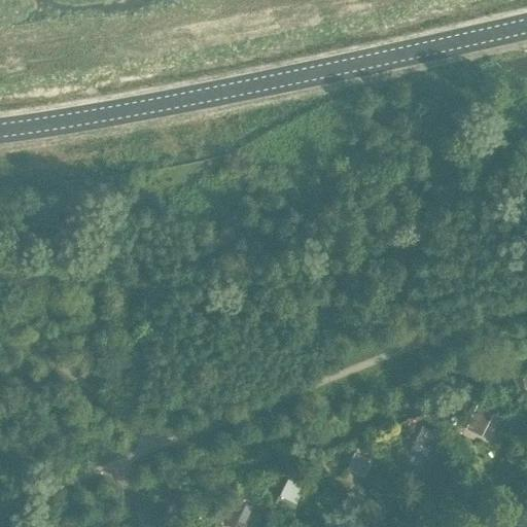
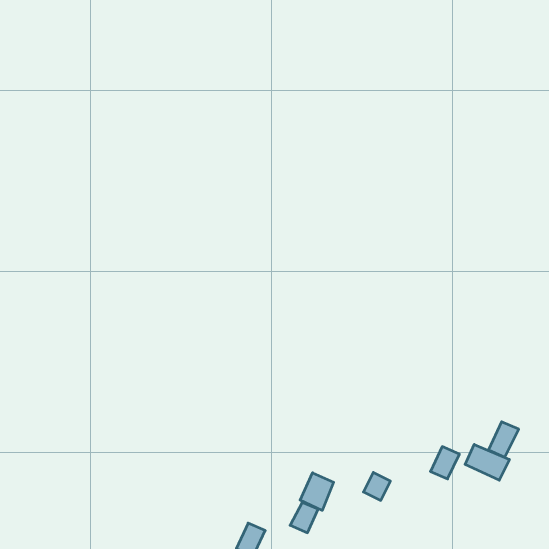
building: none -> [465,444,509,480]
building: none -> [300,473,334,510]

